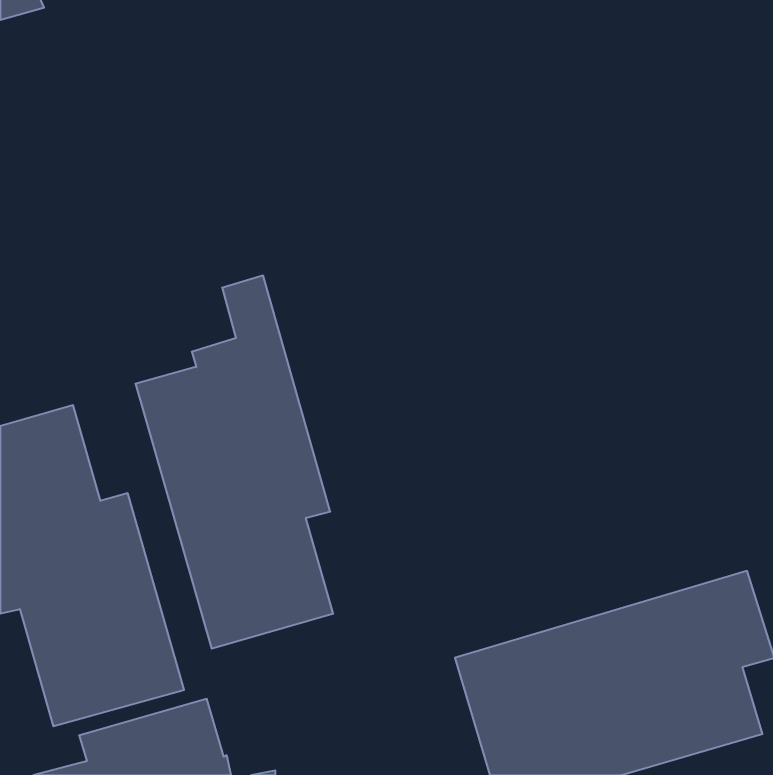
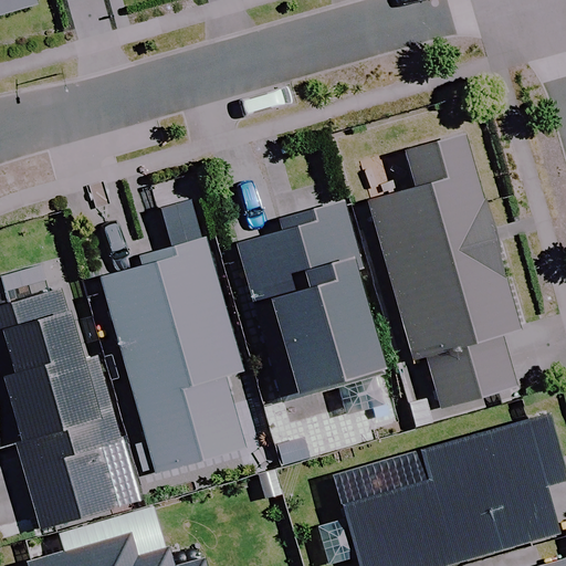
building: none -> [368,135,521,408]
building: none -> [237,202,381,401]

